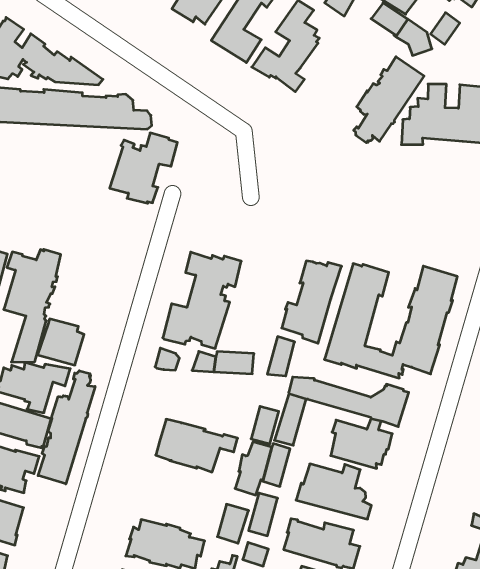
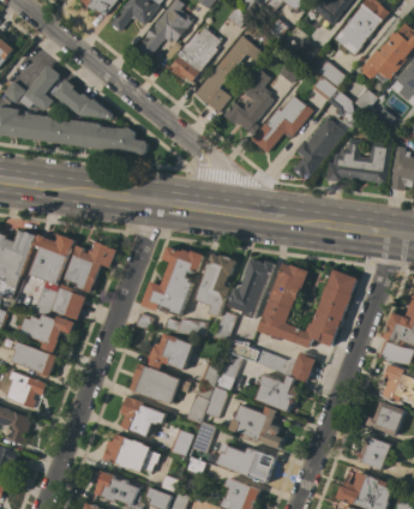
building: none -> [250,95,312,152]
building: [110,133,177,203] -> [64,241,115,292]
building: none -> [194,253,235,317]
building: [38,371,95,484] -> none
building: none -> [148,333,193,370]
building: none -> [120,396,166,437]

